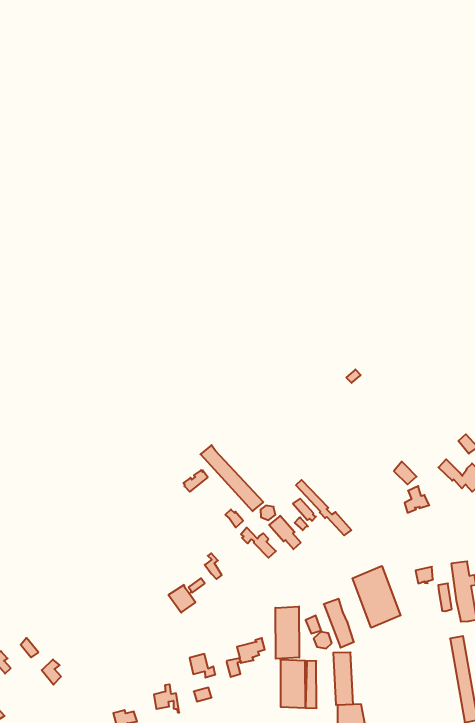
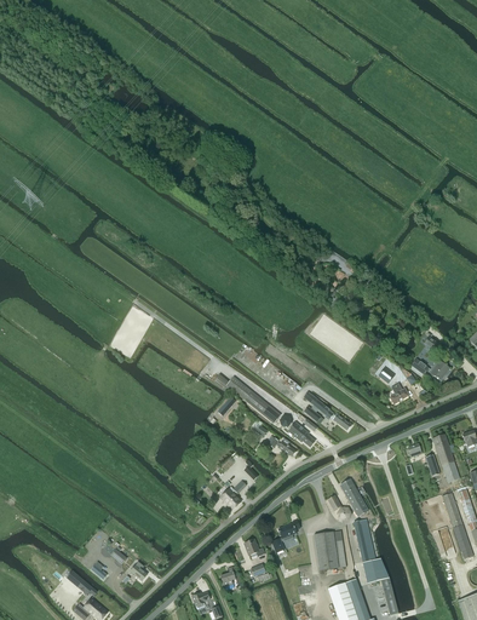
building: [352,566,401,628] -> none
building: [275,606,299,659] -> none

